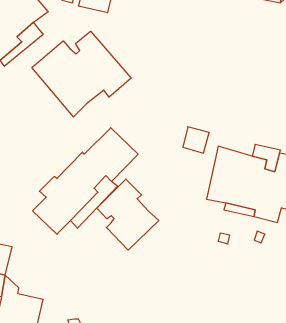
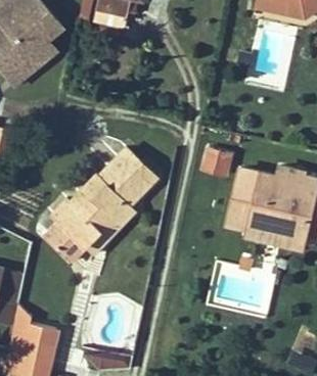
building: [32,31,131,117] -> none
building: [97,179,159,250] -> none

